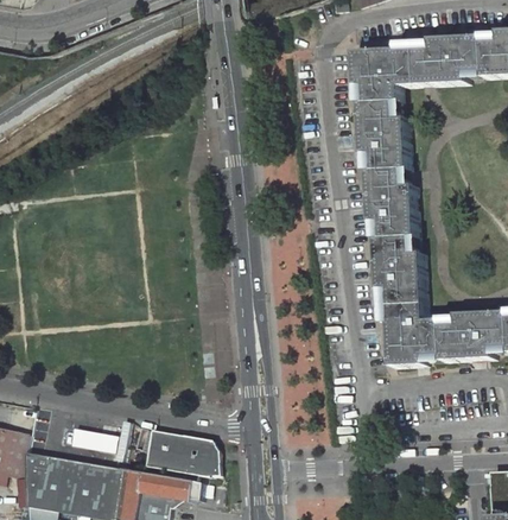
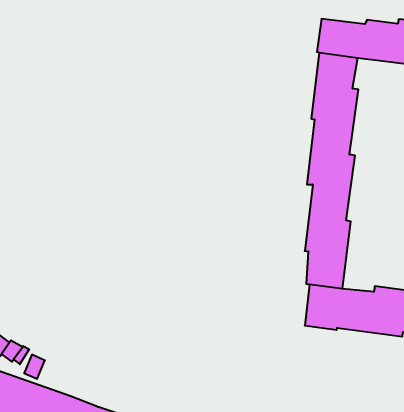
building: [145,432,220,483] -> none

